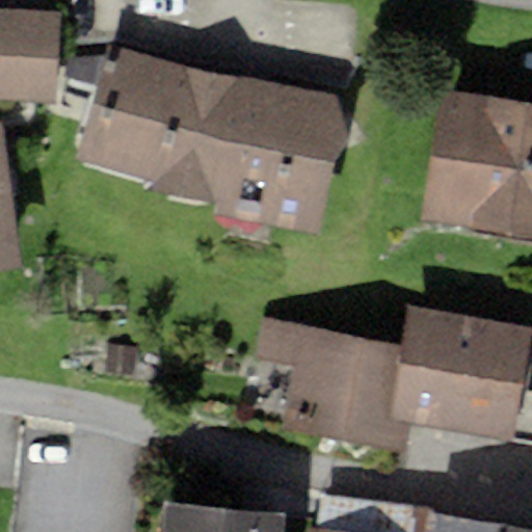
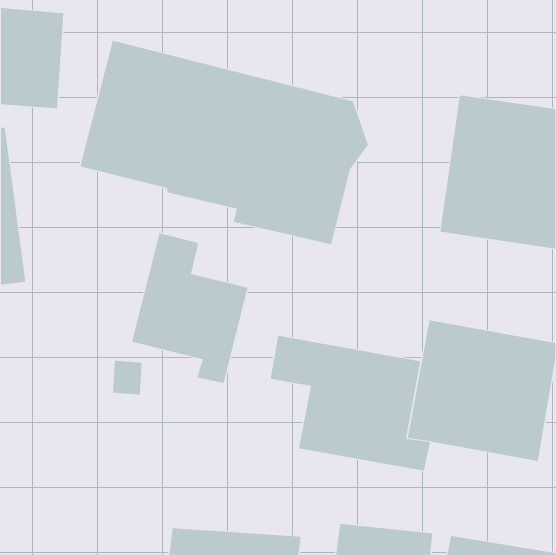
building: none -> [132,232,248,384]

